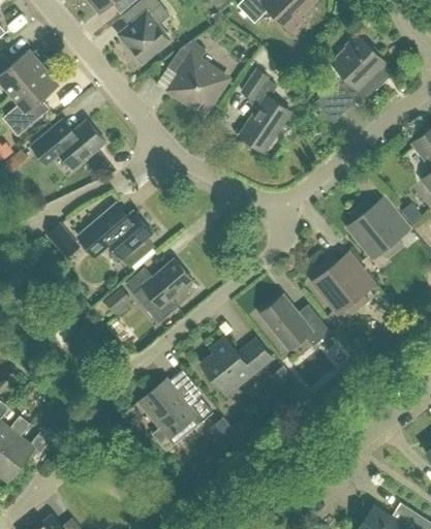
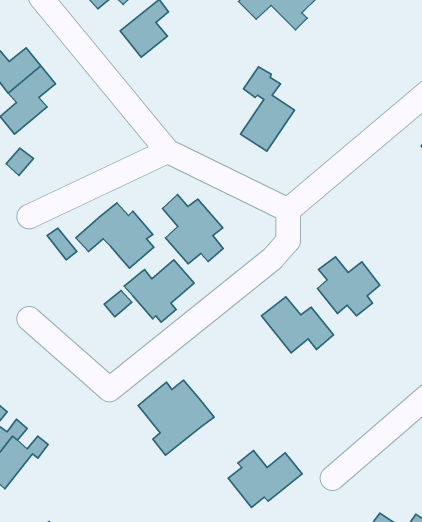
building: [316,32,394,121] -> none
building: [168,40,225,111] -> none
building: [31,119,105,168] -> none
building: none -> [162,195,223,264]
building: [349,199,410,258] -> none
building: [201,336,273,392] -> [228,451,302,508]

